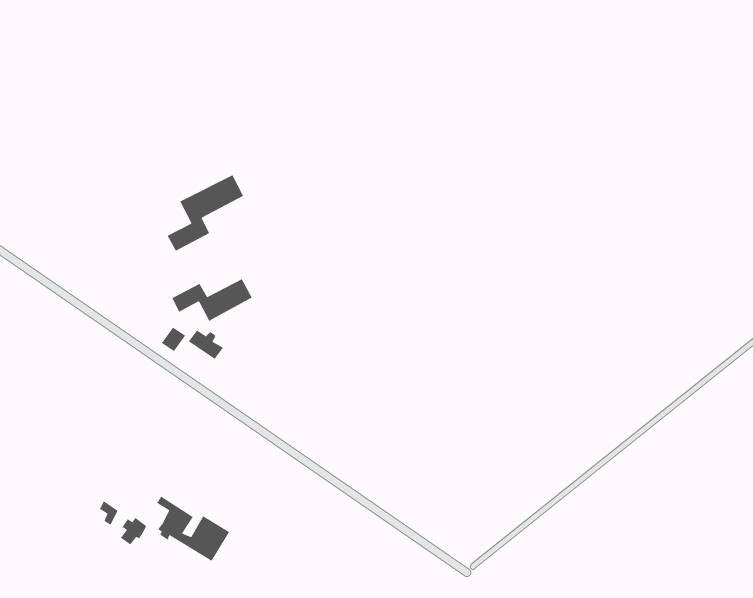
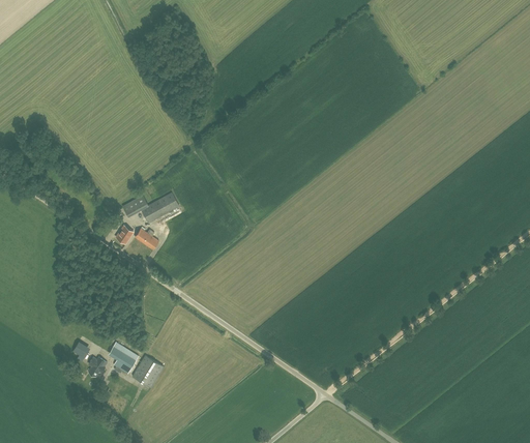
building: [167,174,244,252] -> none

